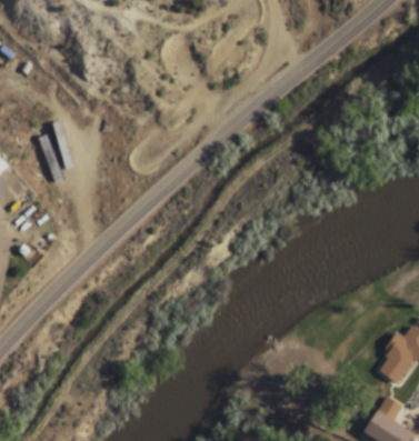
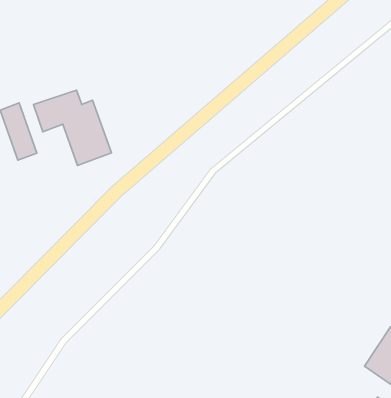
building: none -> [33,90,111,166]

